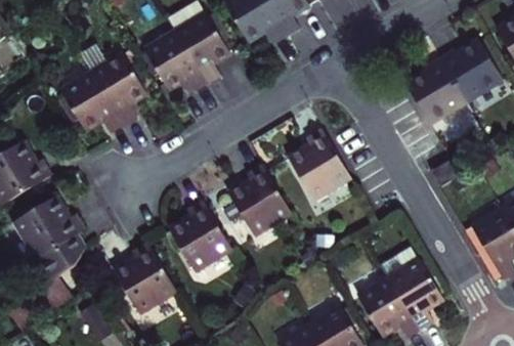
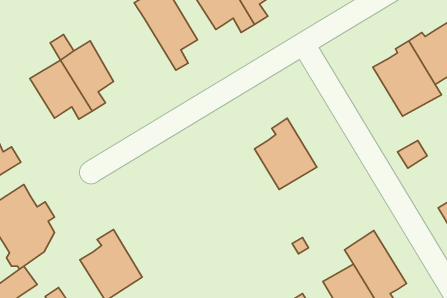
building: [146,31,209,92] -> none
building: [229,168,291,239] -> none
building: [169,204,230,275] -> none

